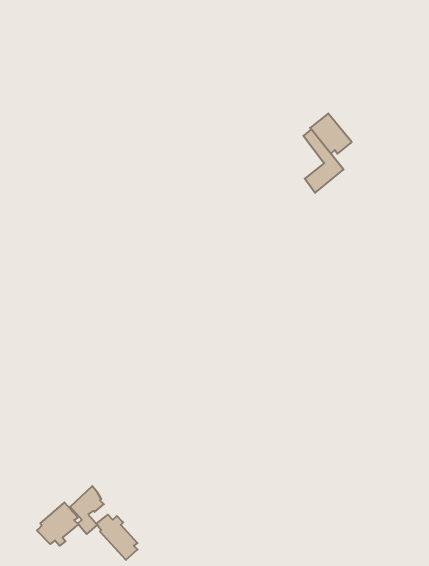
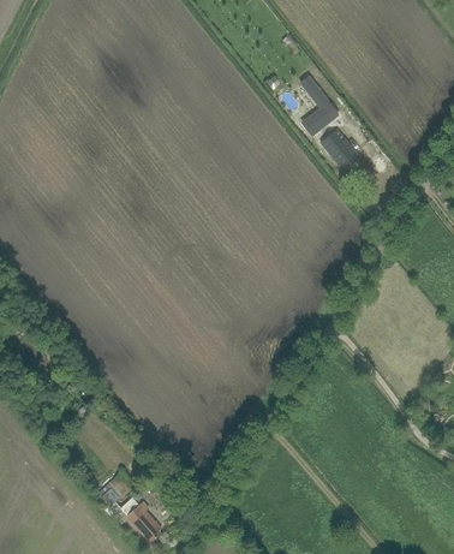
building: [303,129,344,193] -> [301,76,339,135]
building: [37,502,78,546] -> none

